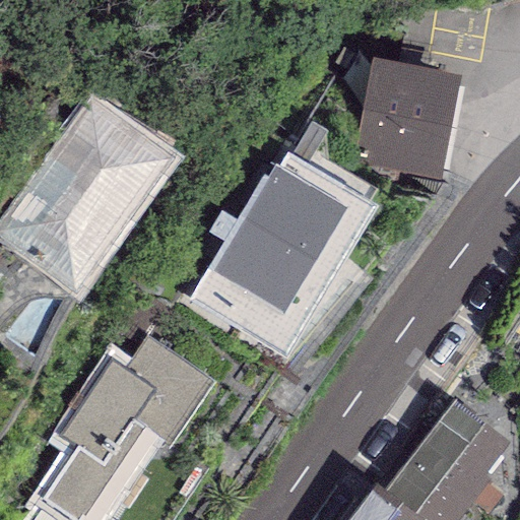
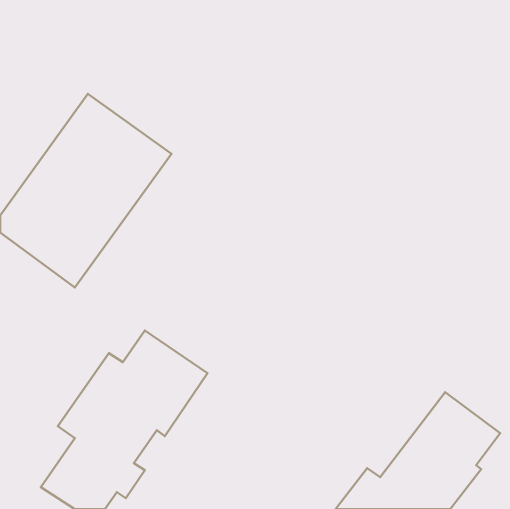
building: [373,63,459,184] -> none
building: [189,151,376,355] -> none

